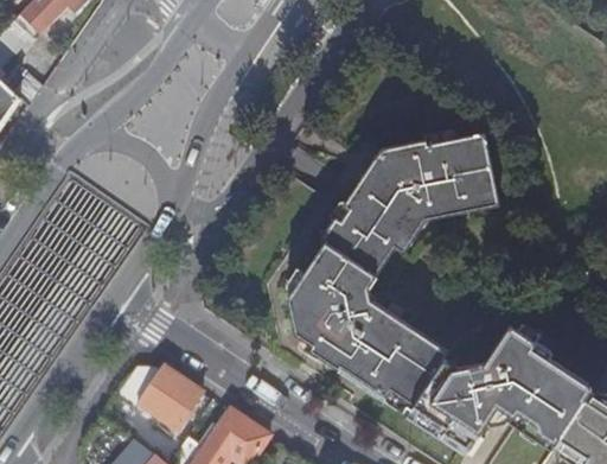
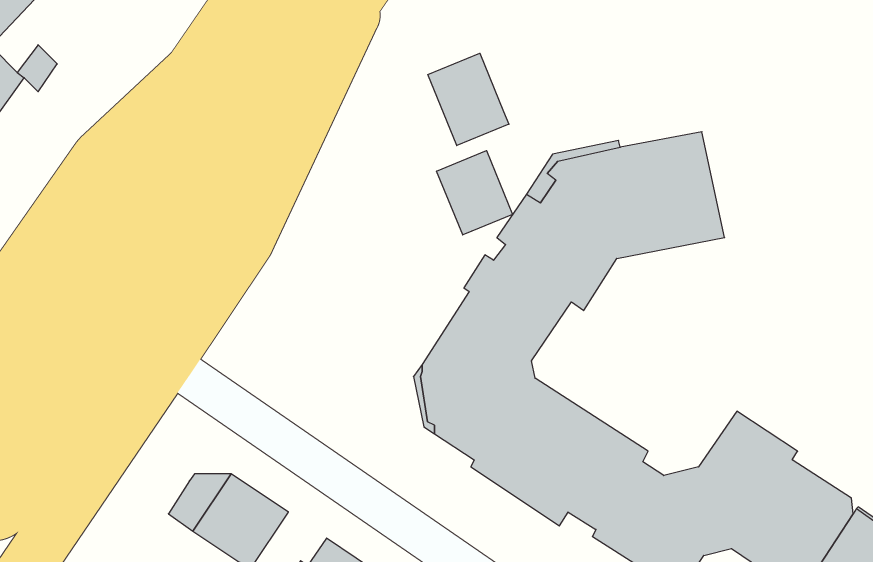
building: none -> [428,53,509,146]
building: none -> [437,151,513,235]

